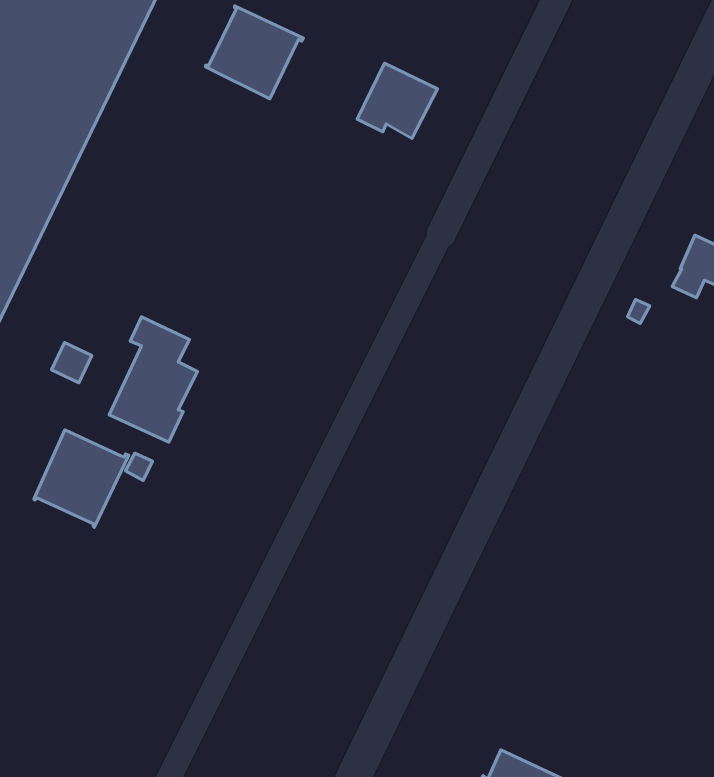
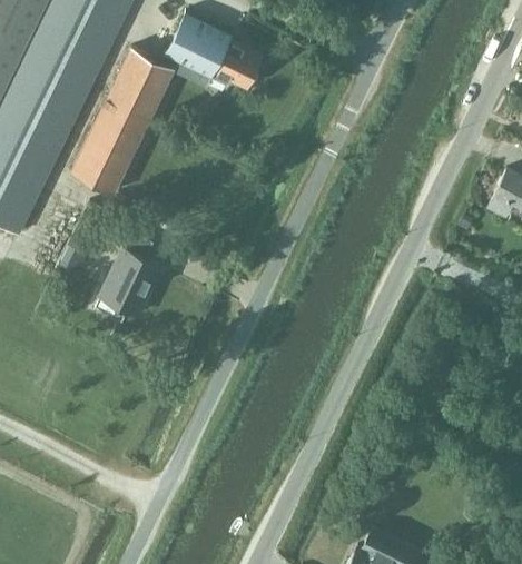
building: none -> [69,49,174,195]
building: [357,63,438,138] -> [208,38,264,90]
building: [34,430,129,528] -> none

